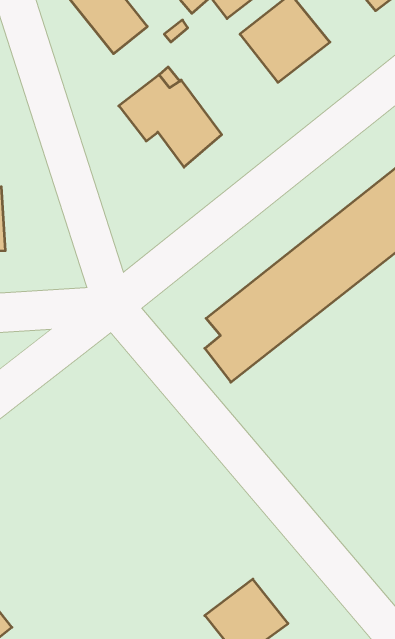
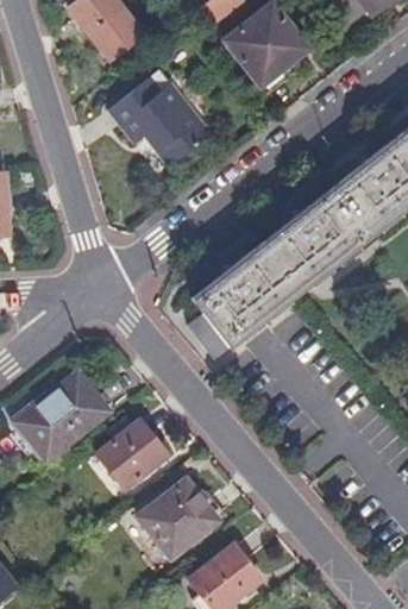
building: none -> [13,365,102,448]
building: none -> [90,407,163,479]
building: none -> [132,469,214,550]

